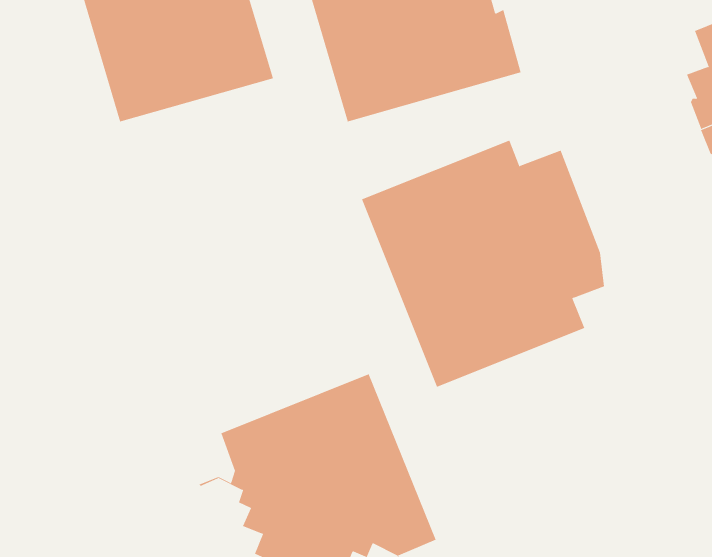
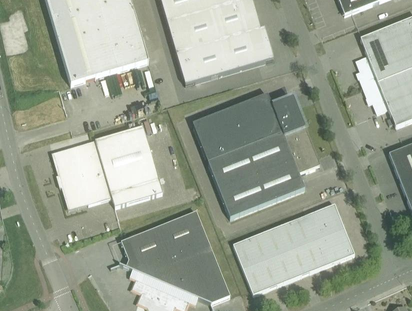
building: none -> [53,125,163,208]
building: none -> [233,203,354,294]

